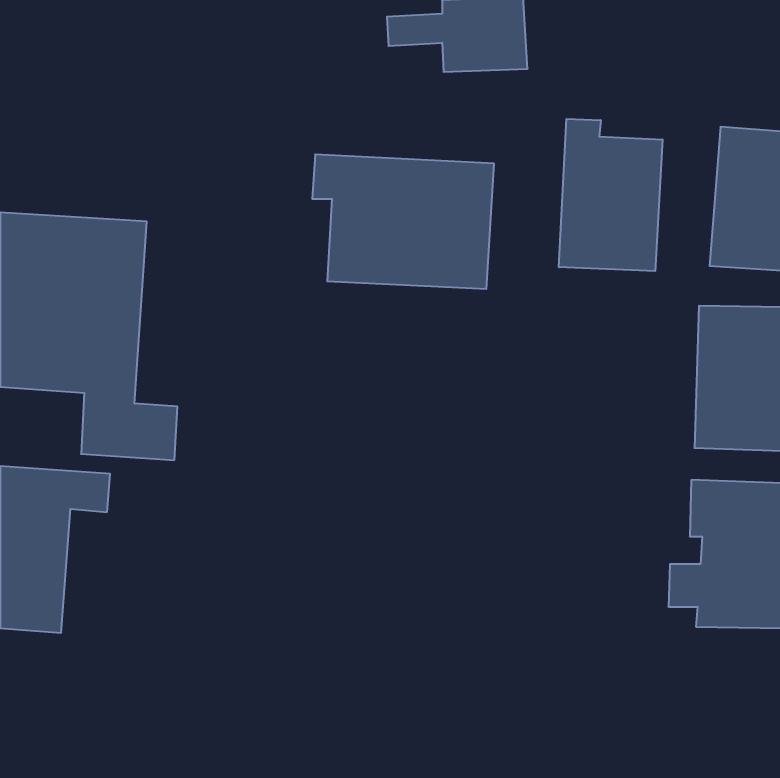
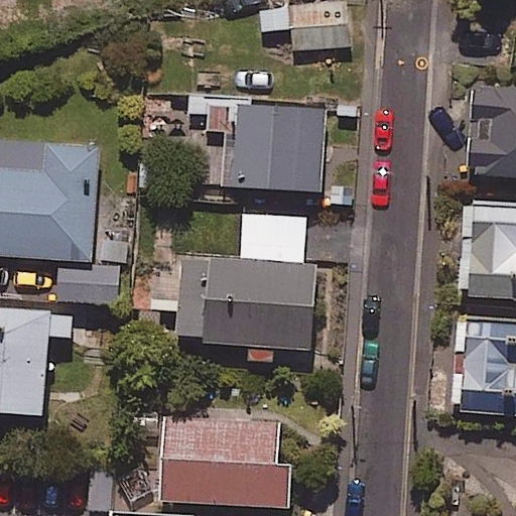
building: [559,119,662,271] -> none
building: none -> [153,212,316,366]
building: none -> [159,418,292,508]

